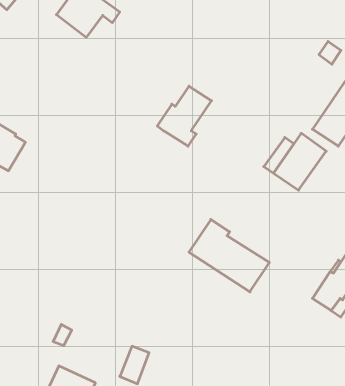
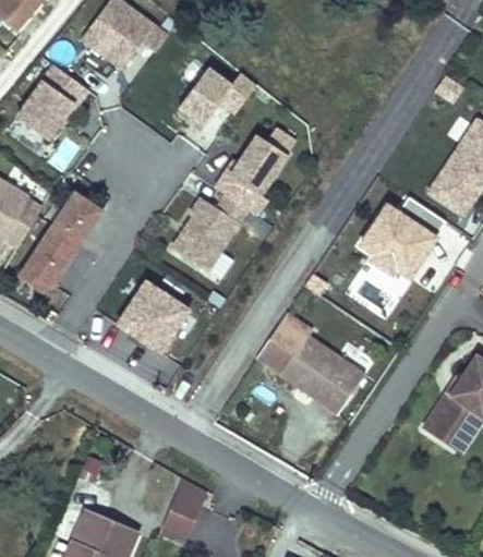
building: none -> [19,68,82,142]
building: none -> [179,71,255,128]
building: none -> [19,193,101,292]
building: none -> [172,195,247,271]
building: none -> [117,282,186,352]

